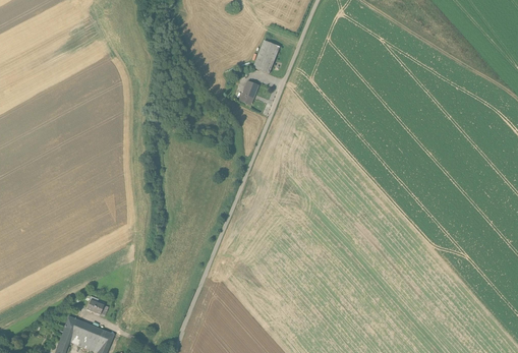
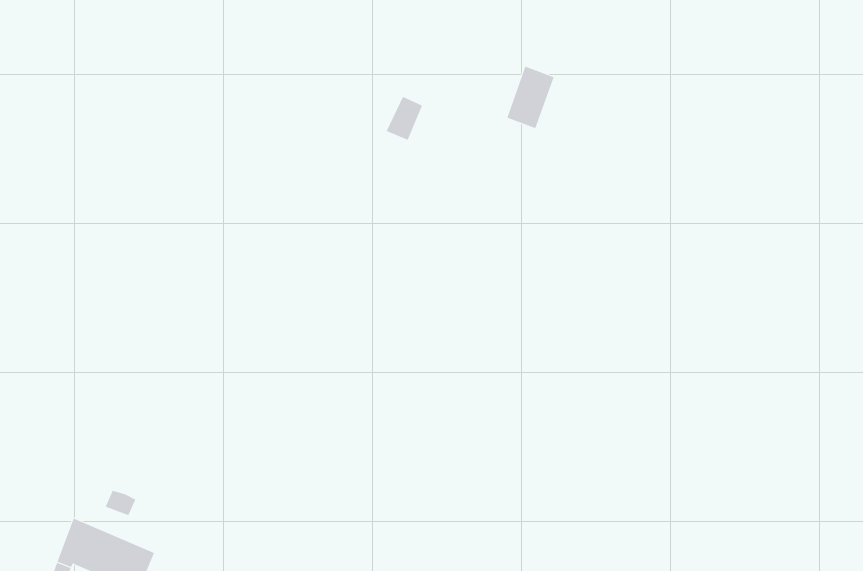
building: [253,40,280,74] -> [506,66,554,129]

